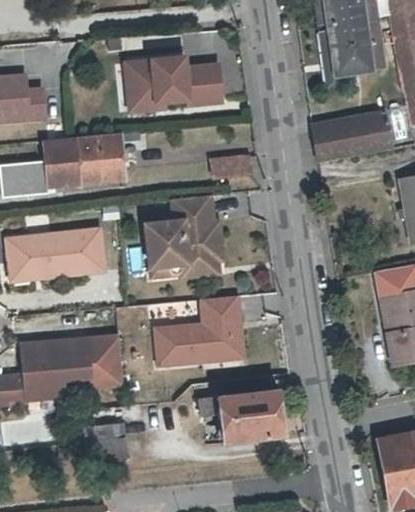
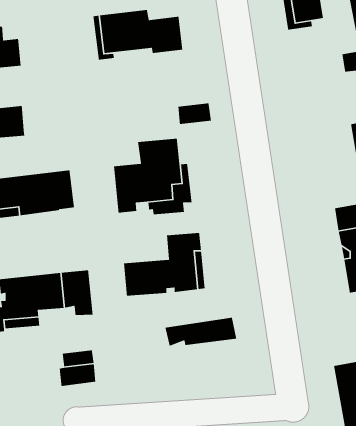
building: [313,114,394,163] -> none
building: [46,135,125,186] -> none
building: [221,410,280,441] -> none

